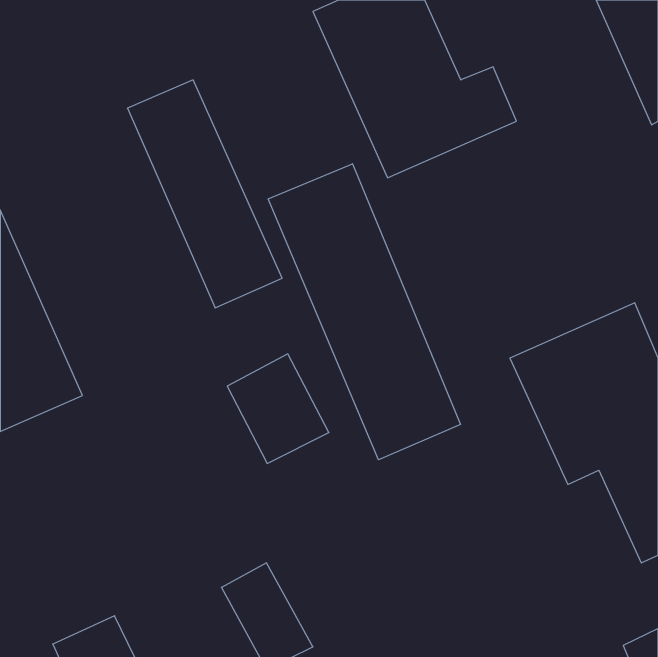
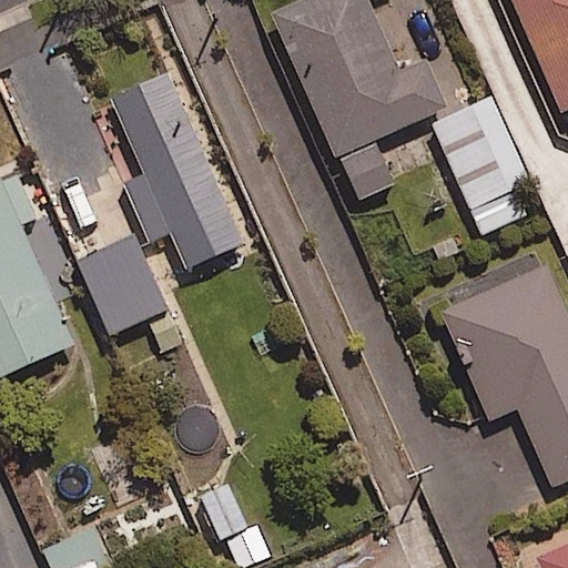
building: none -> [435,102,529,237]
building: [268,164,460,460] -> none
building: [227,354,329,463] -> [80,244,168,338]

